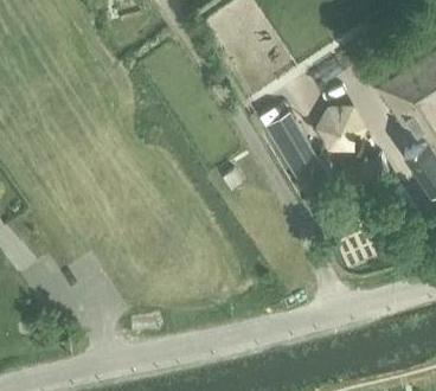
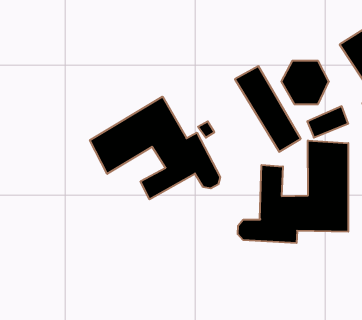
building: none -> [90,97,220,199]
building: none -> [238,140,348,243]

